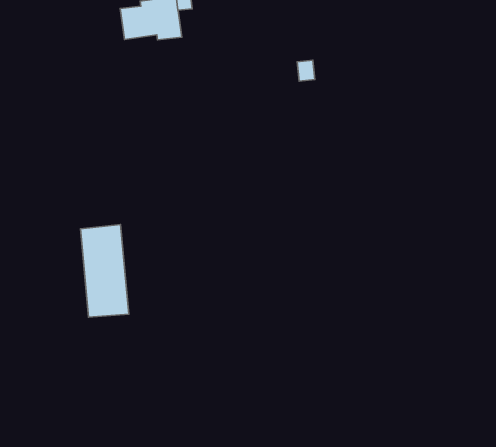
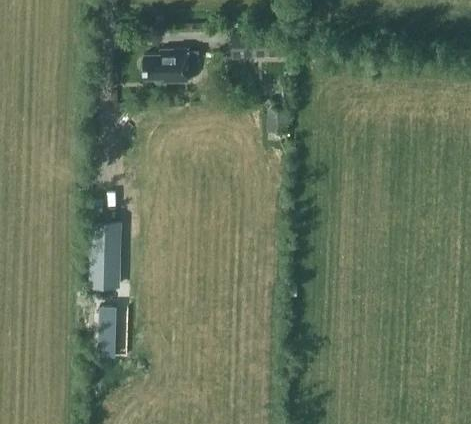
building: none -> [96,309,113,358]

